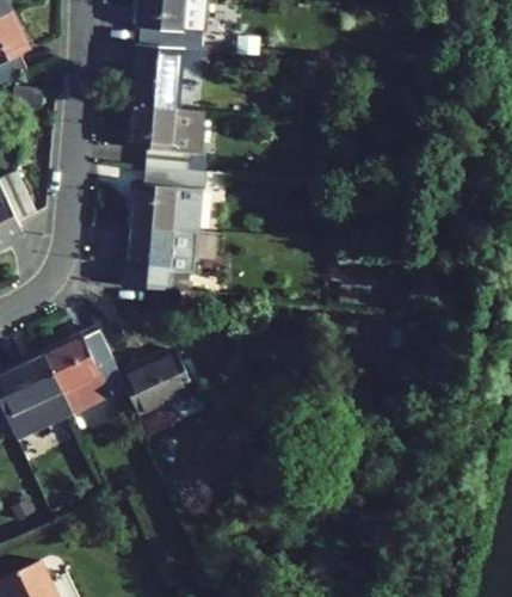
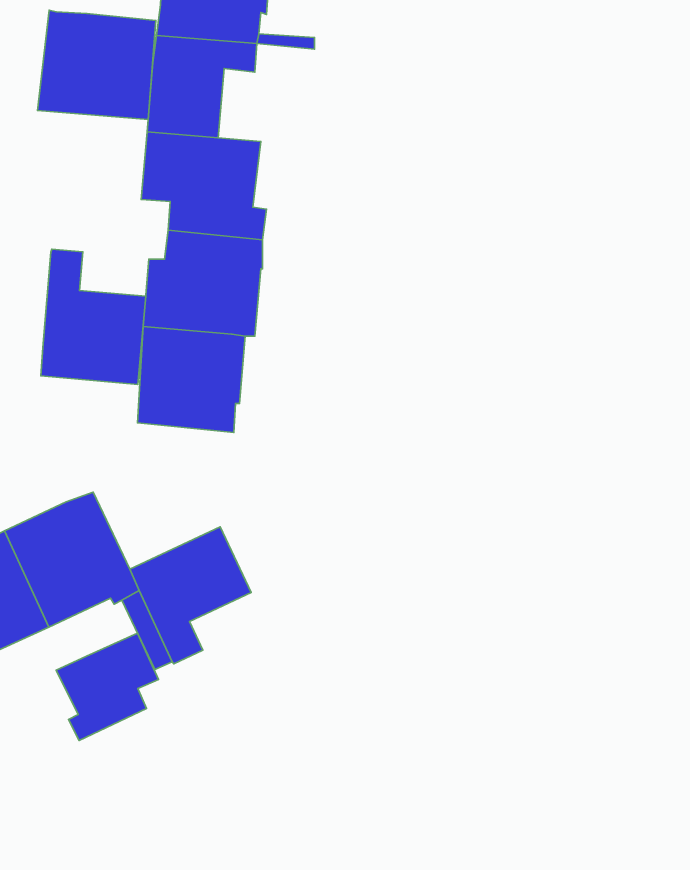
building: none -> [37,10,156,120]
building: none -> [41,249,146,384]
building: none -> [56,633,159,740]

